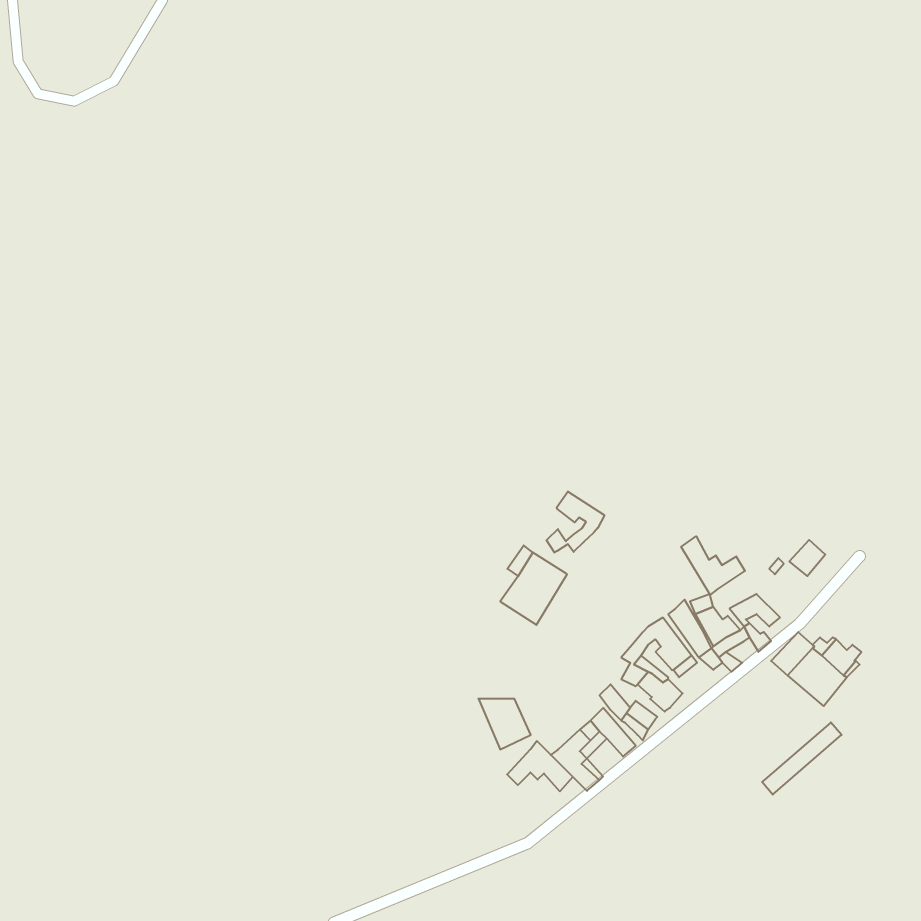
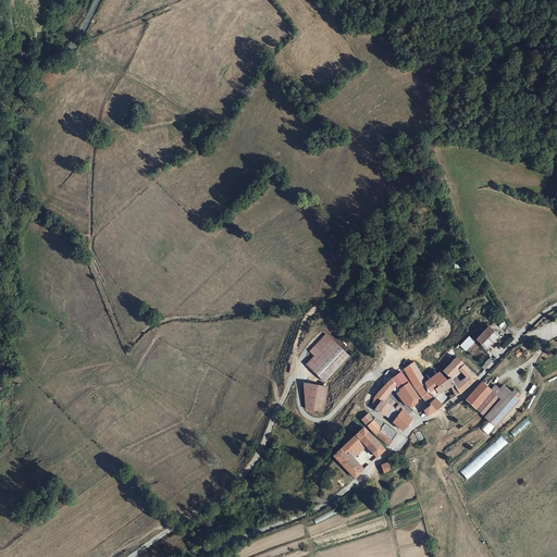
building: [546,491,604,553] -> none
building: [681,536,745,595] -> none
building: [478,699,531,749] -> [299,381,331,411]
building: [507,741,573,791] -> none

